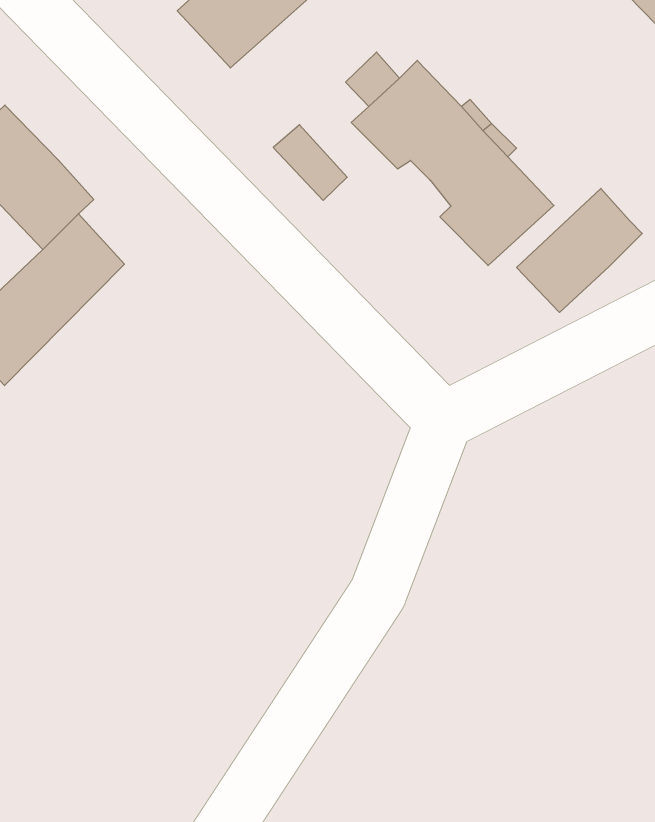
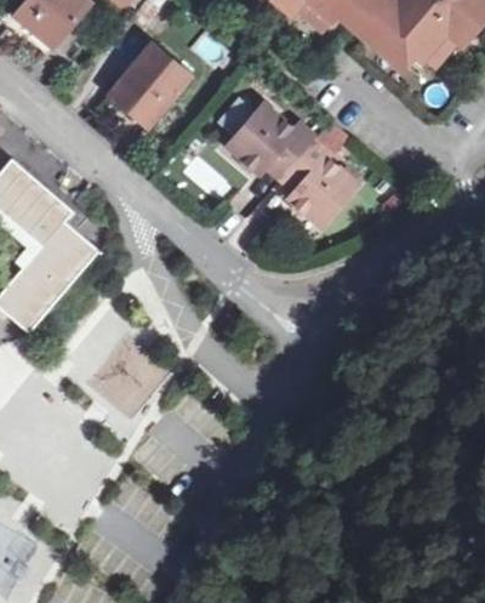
building: [517,188,642,312] -> none

